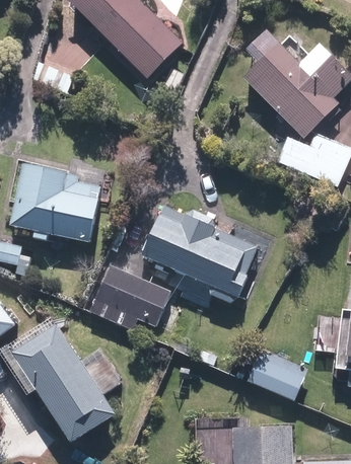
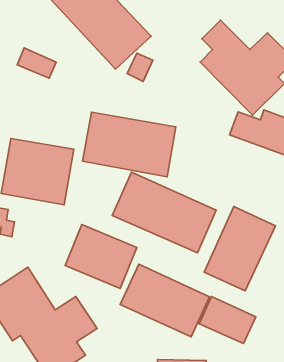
building: none -> [82,112,176,177]
building: none -> [204,207,276,291]
building: none -> [120,264,209,337]

